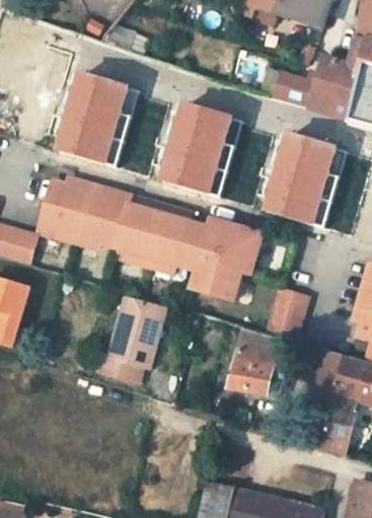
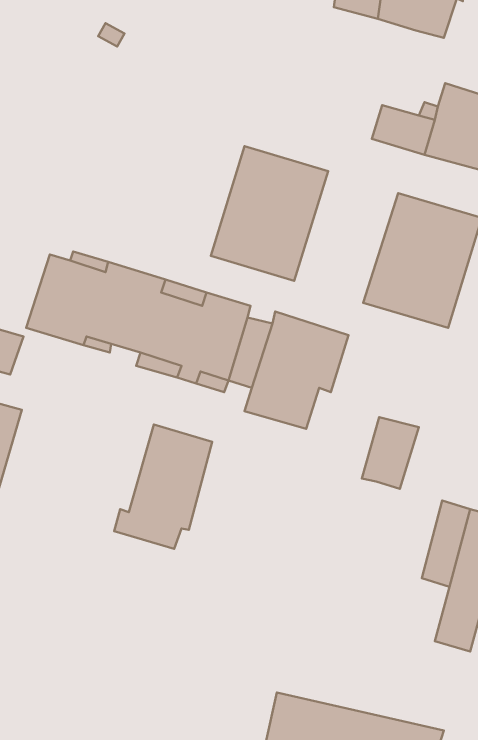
building: [58,71,139,164] -> none
building: [227,325,283,397] -> none

